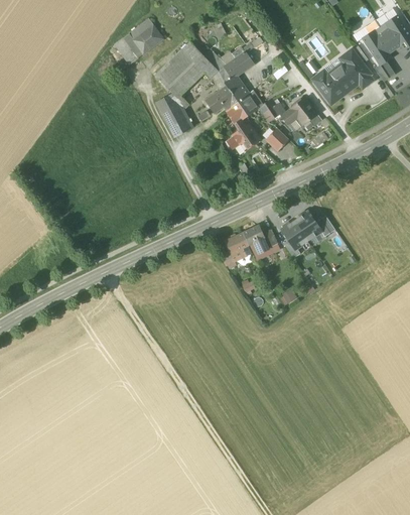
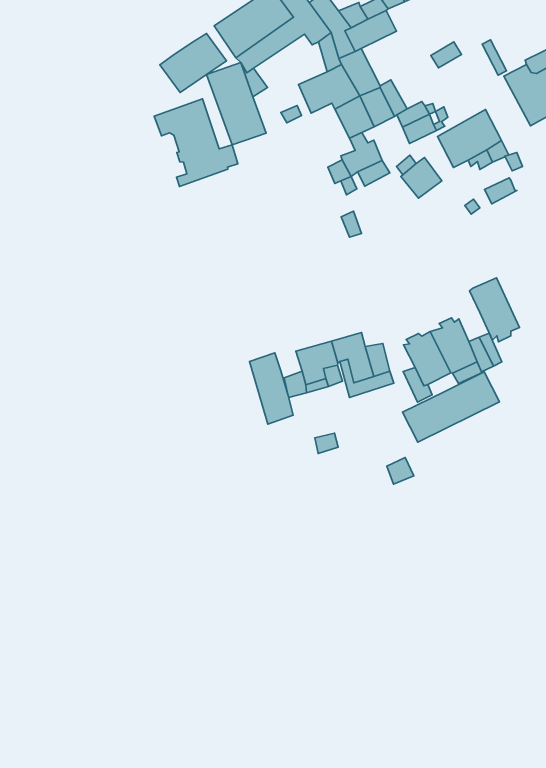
building: none -> [160,33,226,92]
building: none -> [154,99,238,186]
building: none -> [469,278,520,342]
building: none -> [402,372,500,442]
building: none -> [249,353,293,424]

